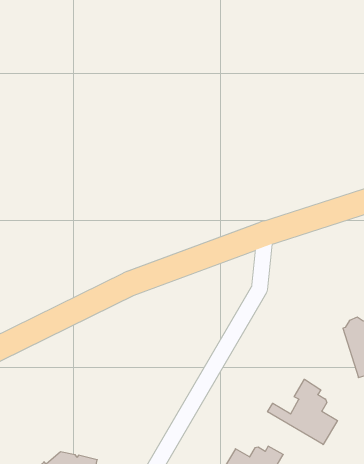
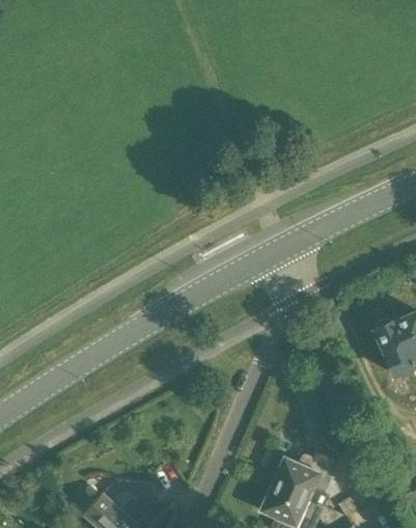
building: [268,379,337,445] -> none

